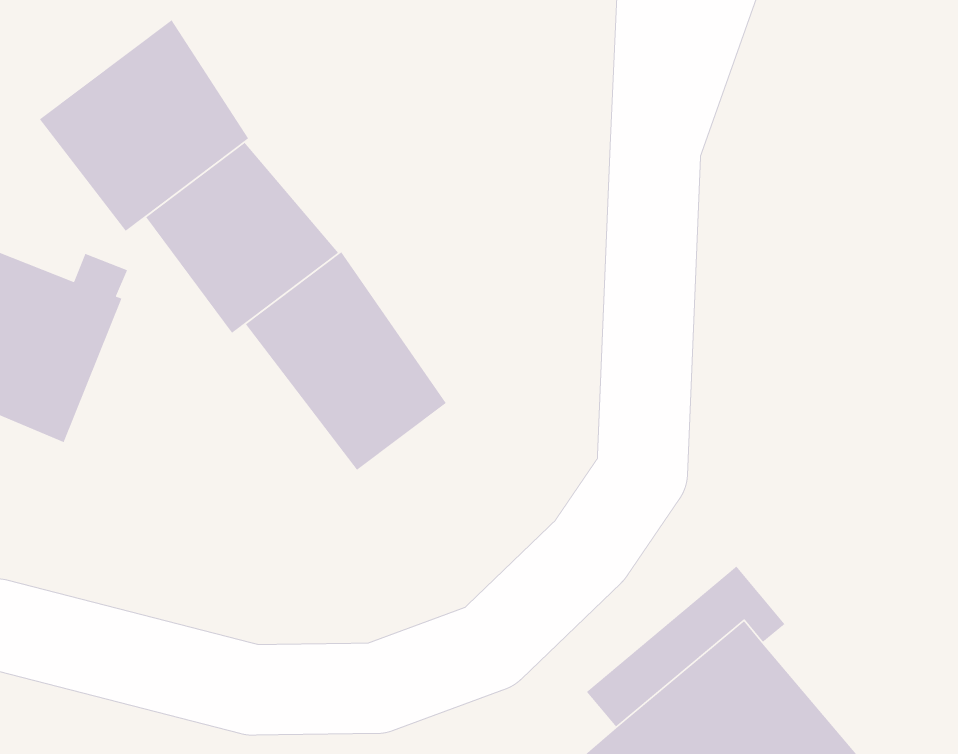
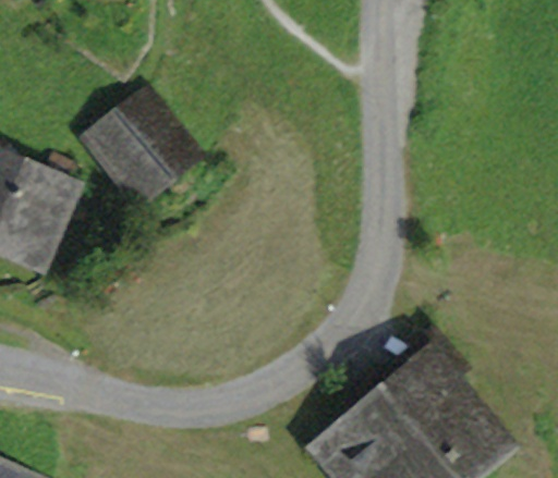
building: [39,19,249,232] -> none
building: [245,251,447,471] -> none

